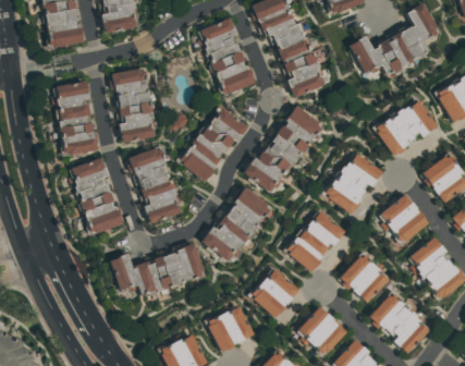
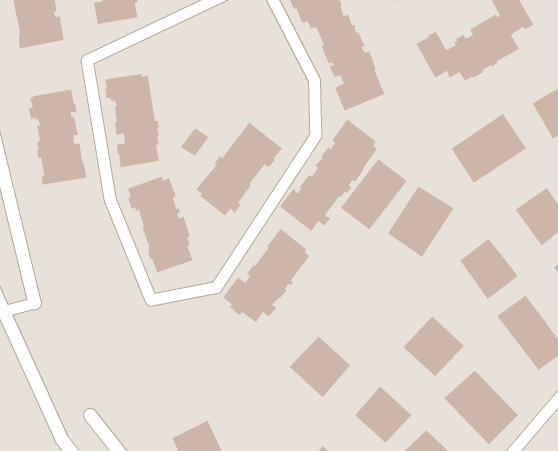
building: [199,17,255,93] -> none
building: [70,156,123,232] -> none
building: [290,212,342,268] -> [340,158,408,230]
building: [110,242,205,295] -> none
building: [209,307,253,350] -> none

